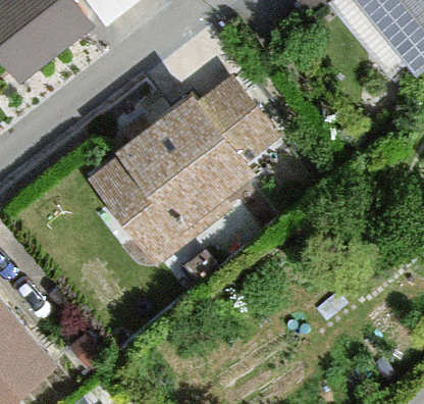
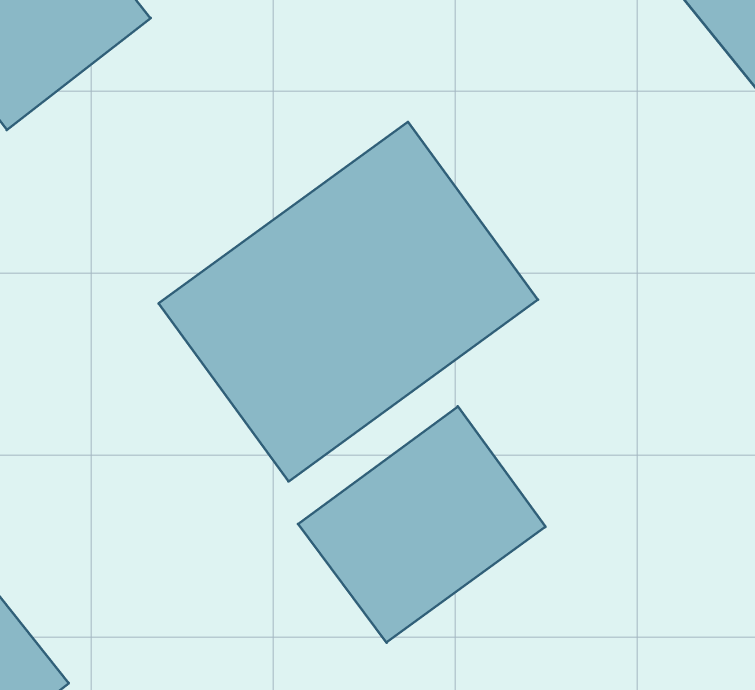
building: none -> [298,406,545,643]

